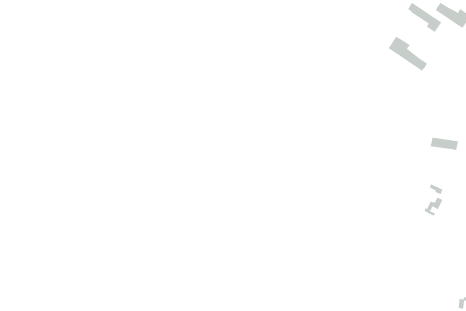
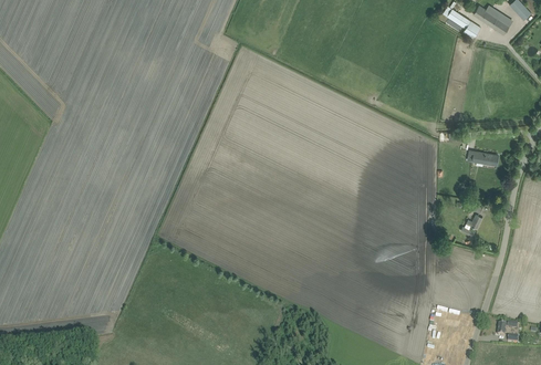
building: [388,36,428,71] -> none

